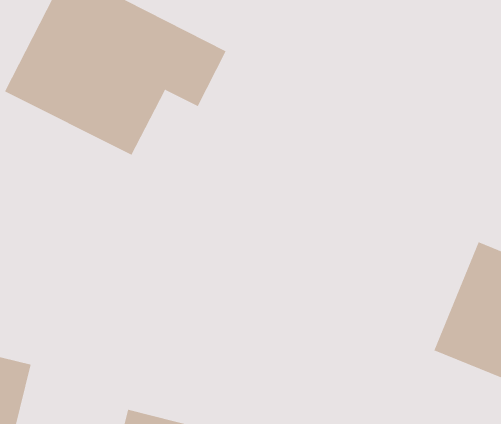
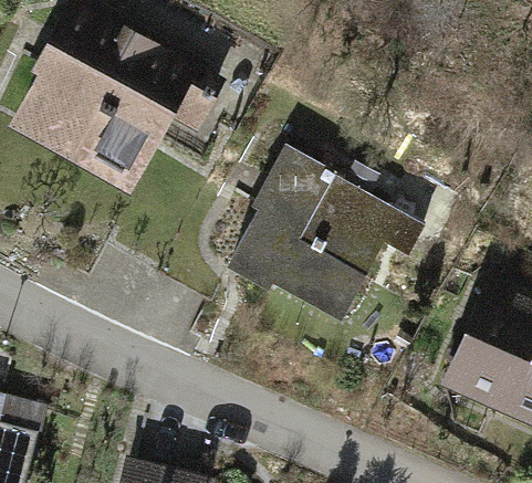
building: none -> [228,150,405,322]

